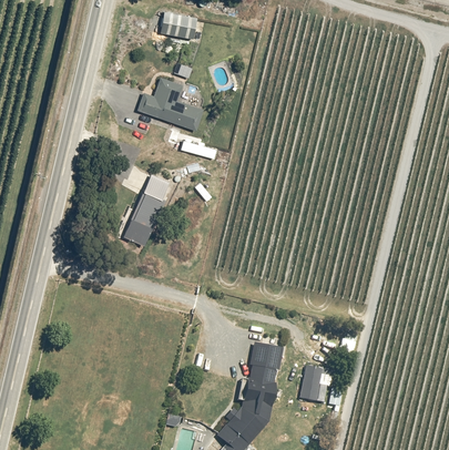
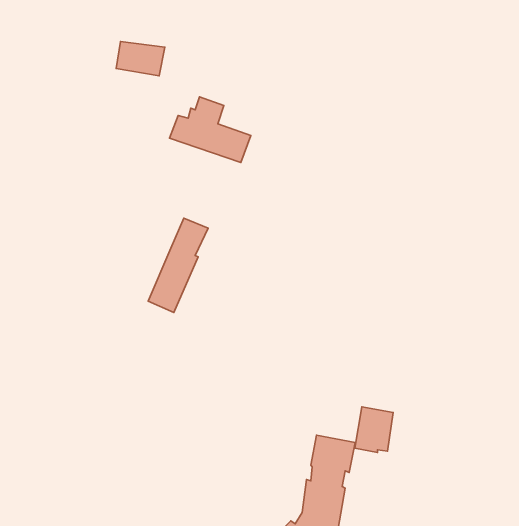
building: [160,12,197,39] -> [116,41,165,76]
building: [300,366,330,401] -> [355,407,393,453]

